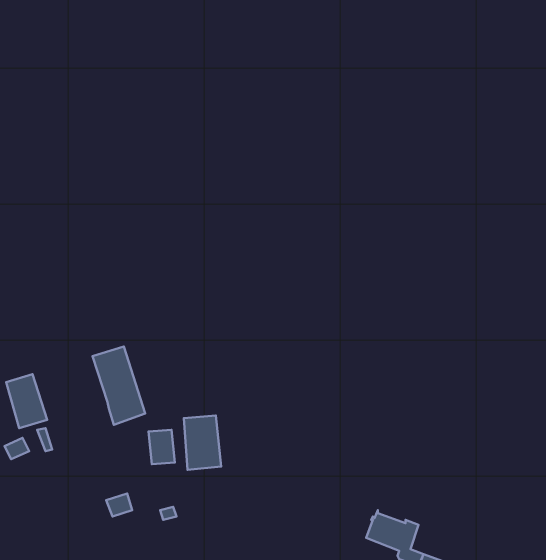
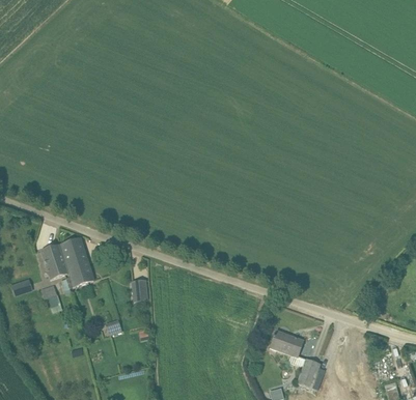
building: [93,346,145,425] -> [60,236,93,286]
building: [184,415,221,470] -> none

